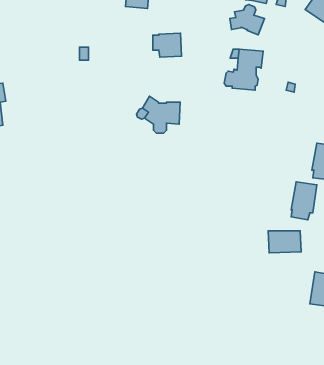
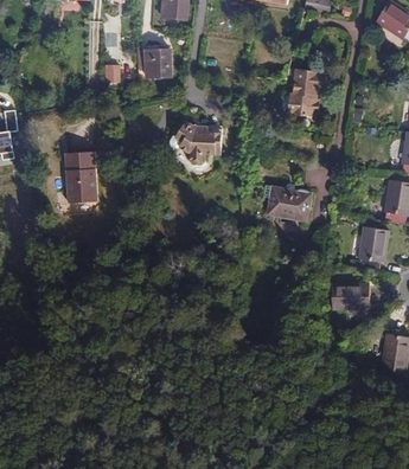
building: [230,5,264,35] -> none
building: [153,33,182,57] -> [138,49,172,77]
building: none -> [63,150,96,203]
building: none -> [263,184,312,220]

